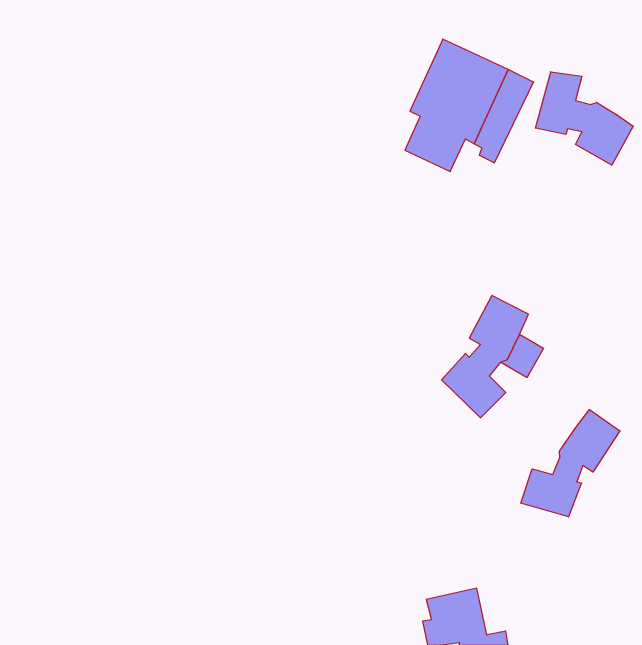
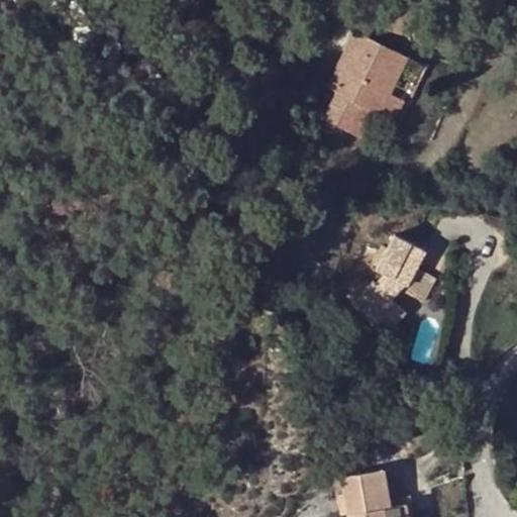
building: [535,72,633,165] -> none
building: [521,410,620,517] -> none

